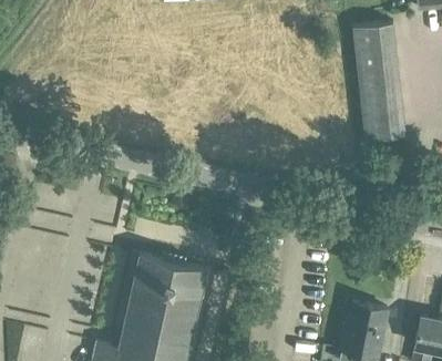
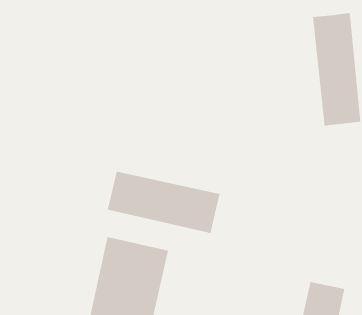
building: none -> [107,171,220,234]

